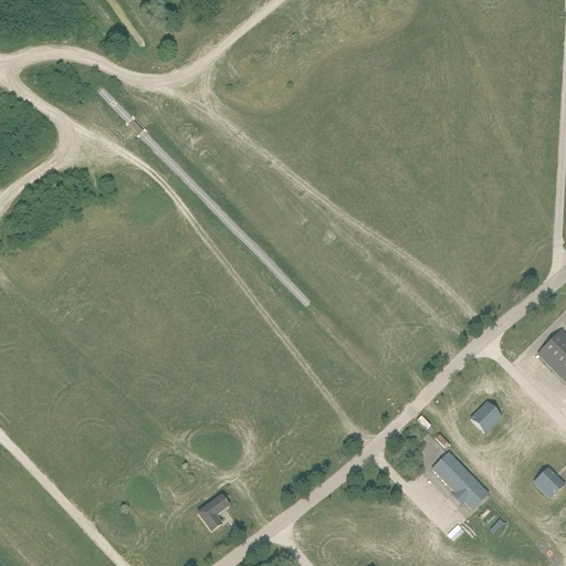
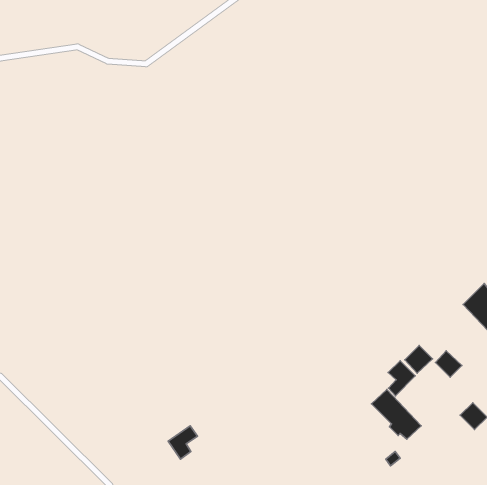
building: none -> [435,351,462,377]
building: none -> [388,361,415,396]

